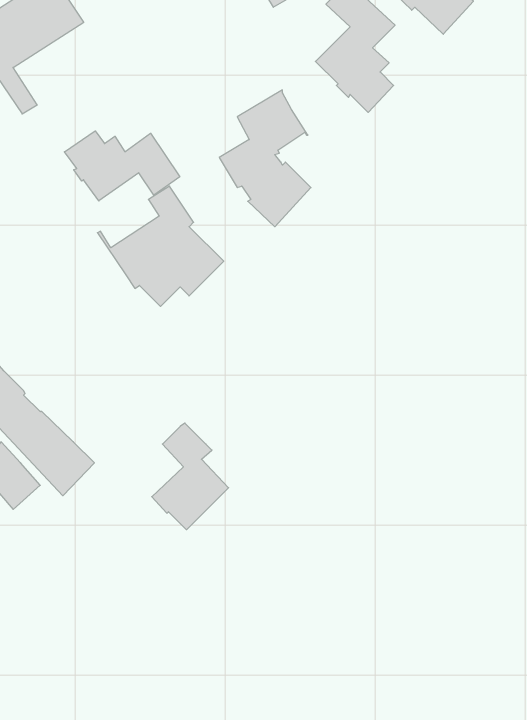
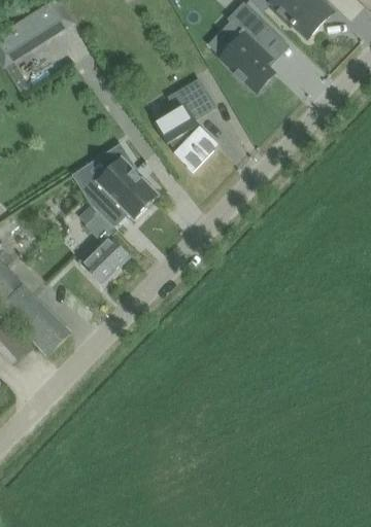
building: [64,131,180,201] -> none
building: [152,423,229,530] -> [76,210,129,283]

